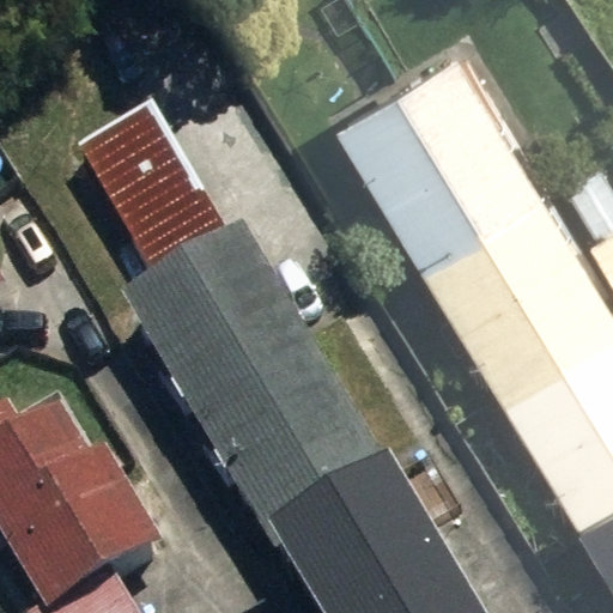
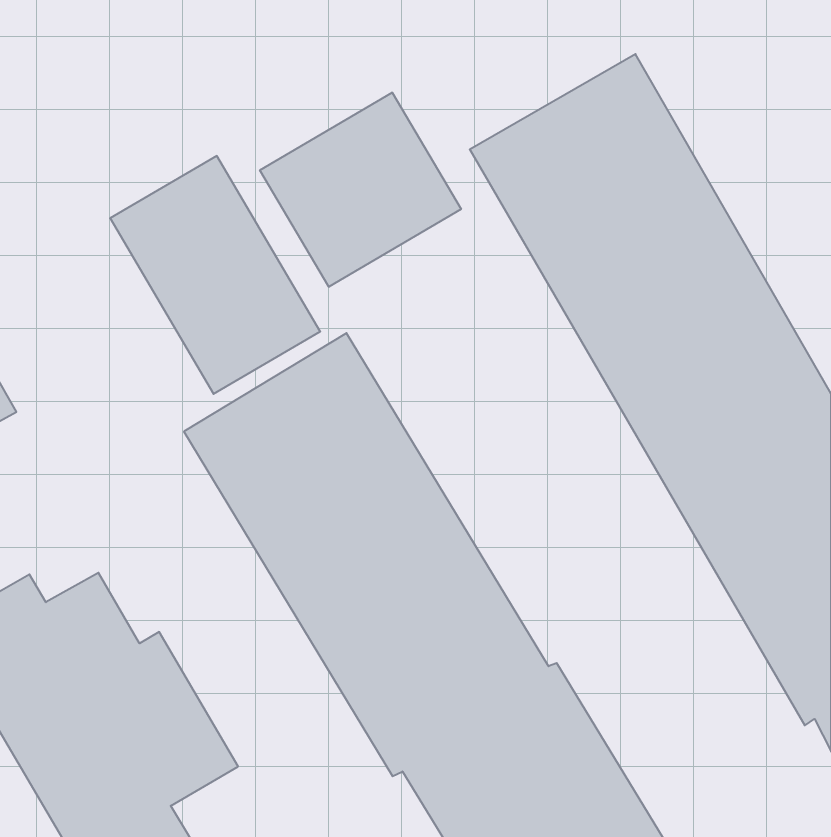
building: none -> [260,92,461,287]

